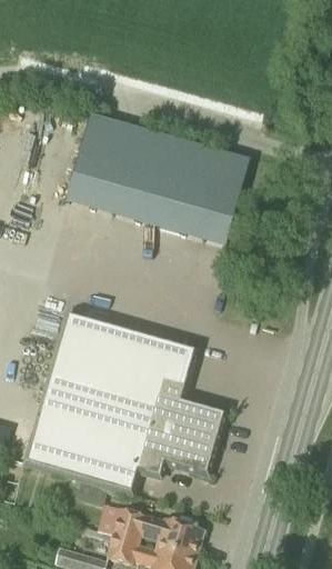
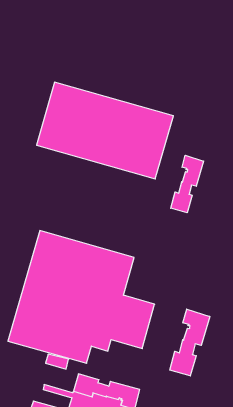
building: none -> [171,155,204,213]
building: none -> [170,309,210,376]

